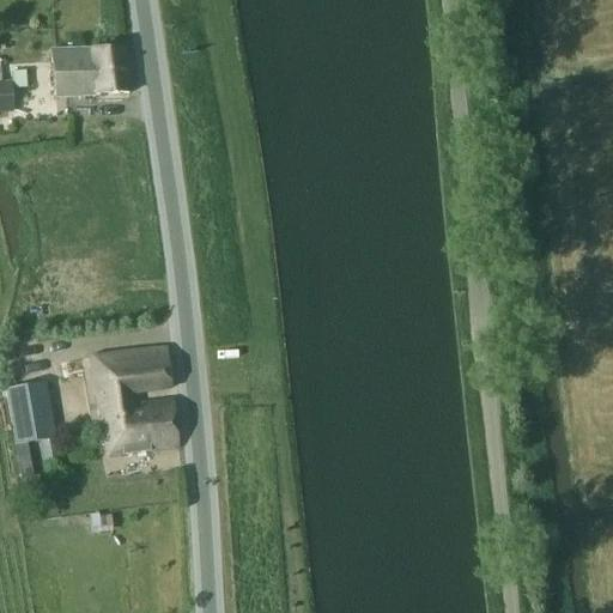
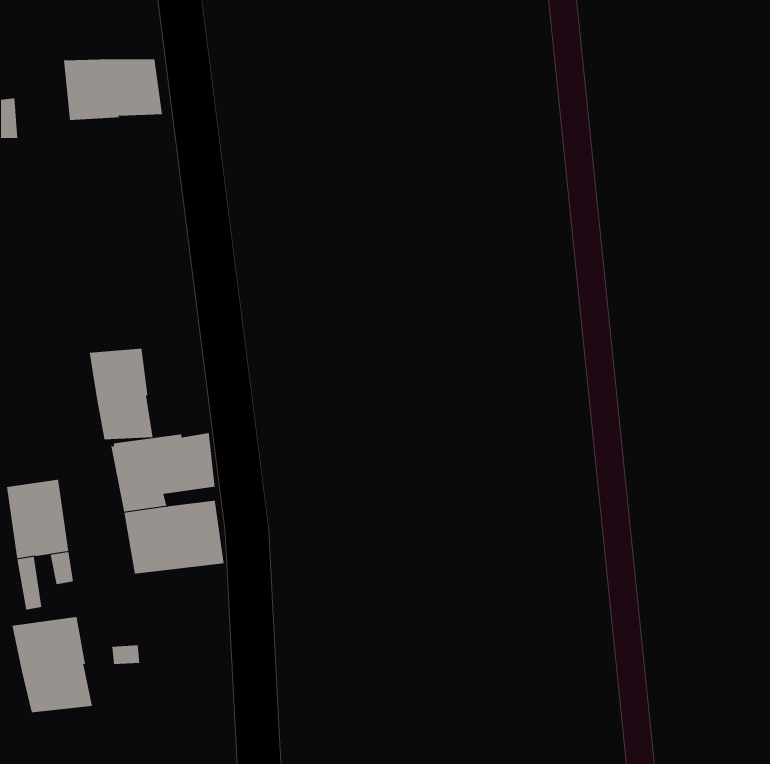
building: none -> [89,348,153,440]
building: none -> [12,616,92,713]

